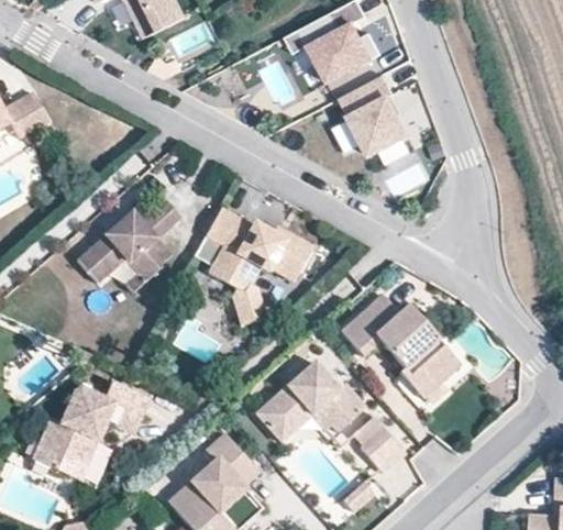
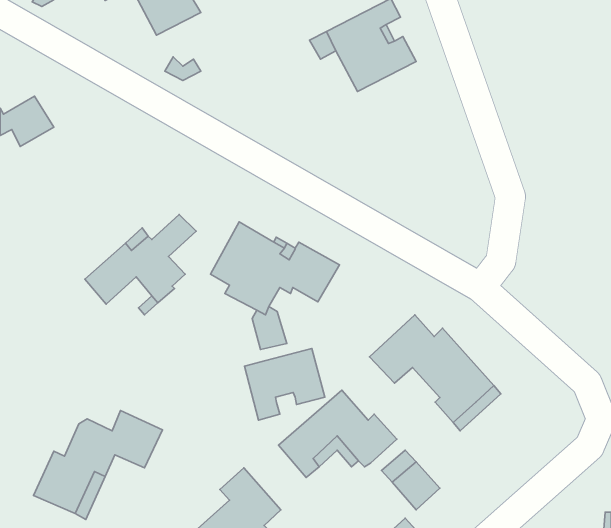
building: [340,78,409,157] -> none
building: none -> [244,349,325,420]

